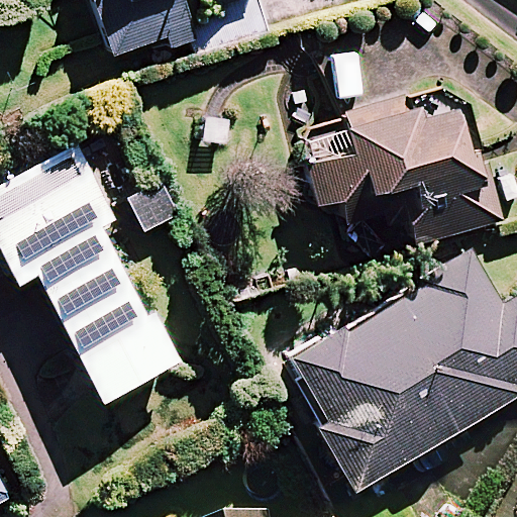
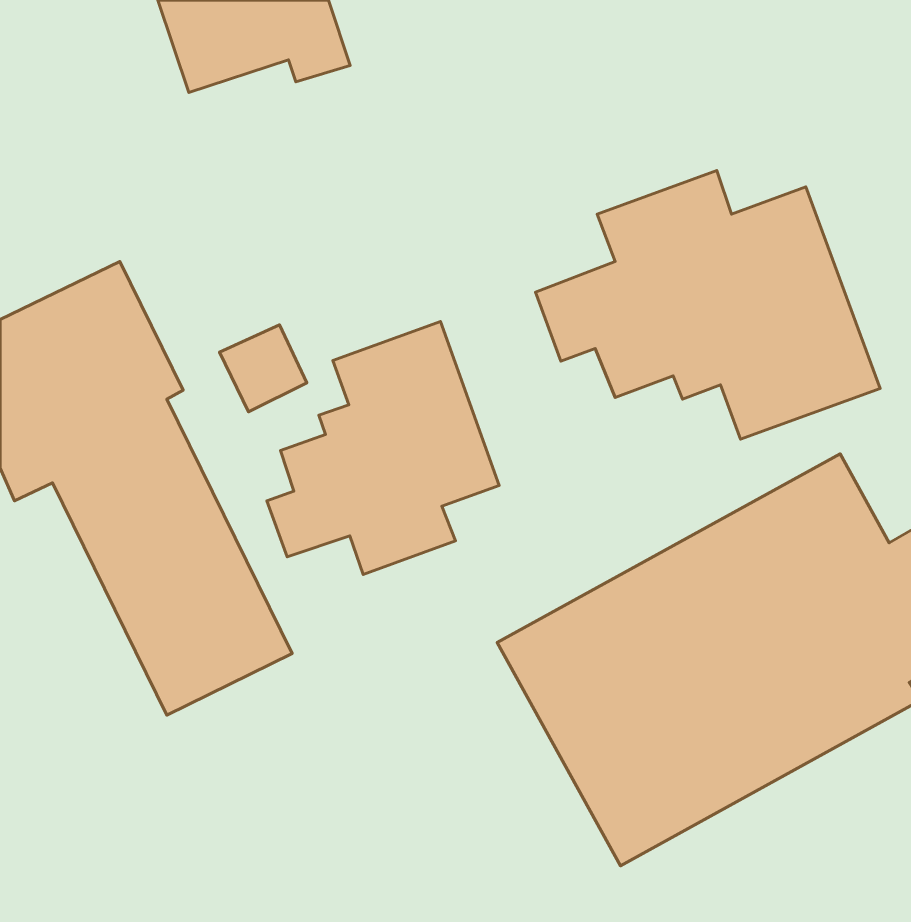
building: none -> [267,321,499,574]

